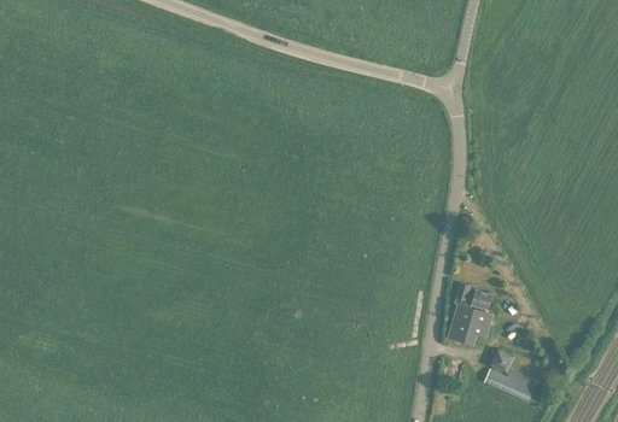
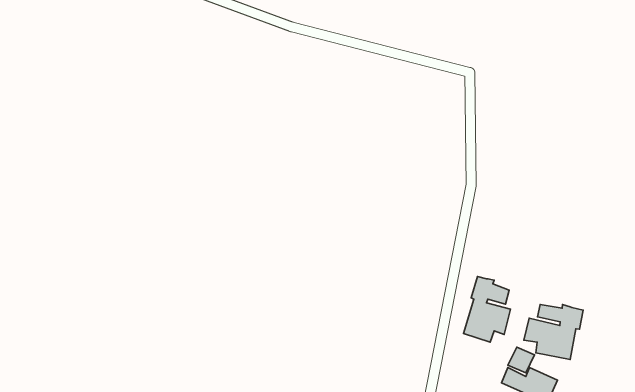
building: none -> [524,305,583,359]

